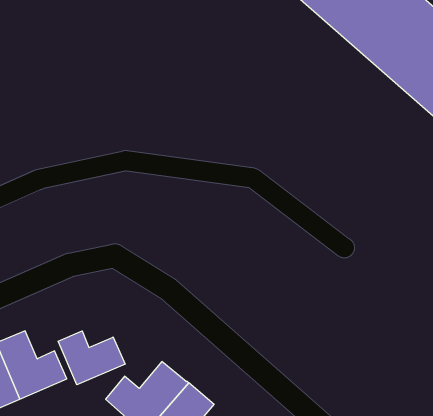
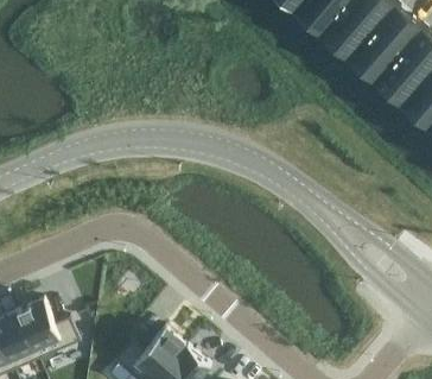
building: [58,331,125,385] -> none

